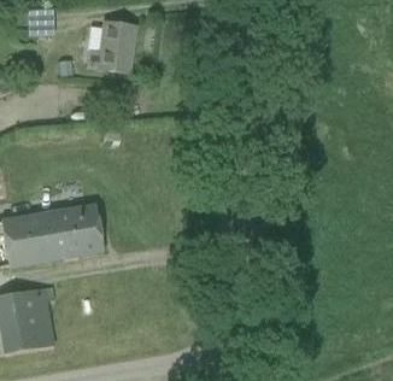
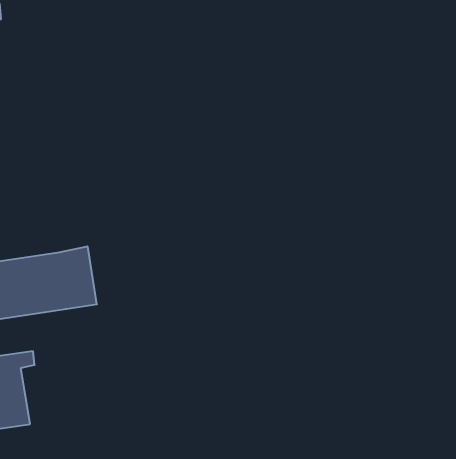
building: [90,22,135,74] -> none

